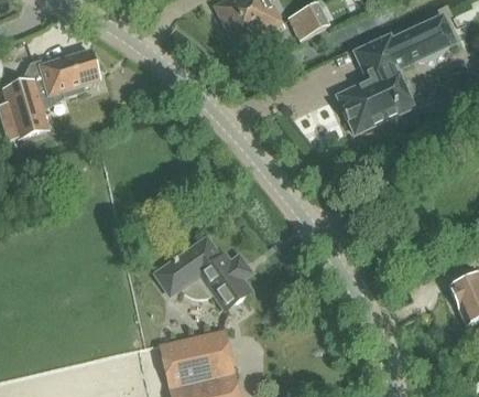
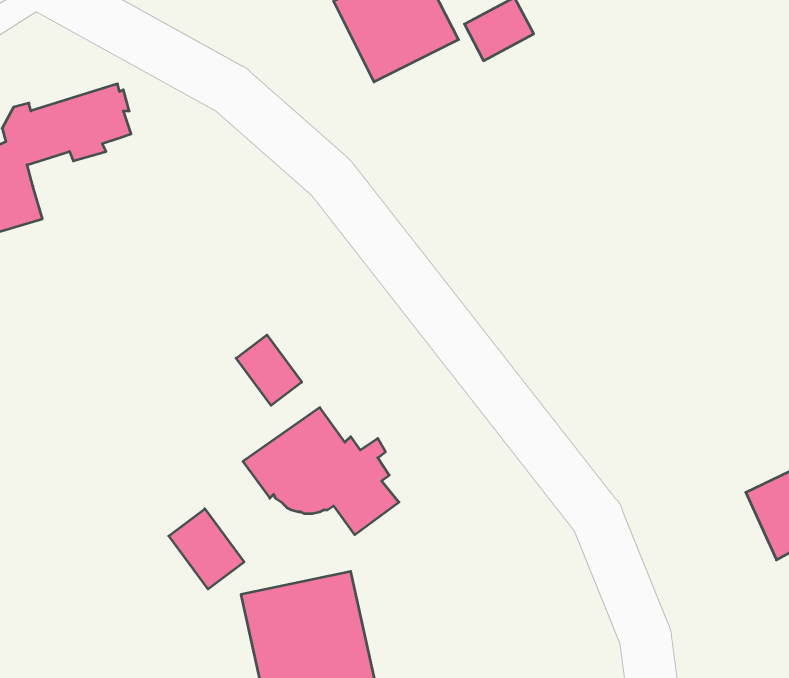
building: [338,14,456,132] -> none
building: none -> [236,335,302,405]
building: none -> [169,509,244,589]

